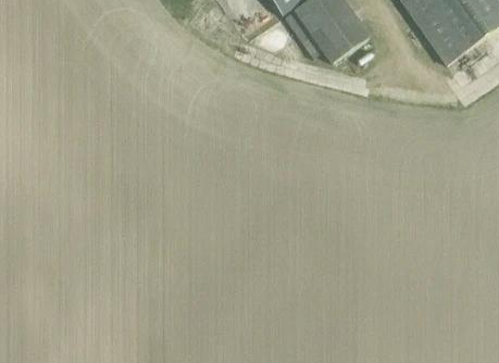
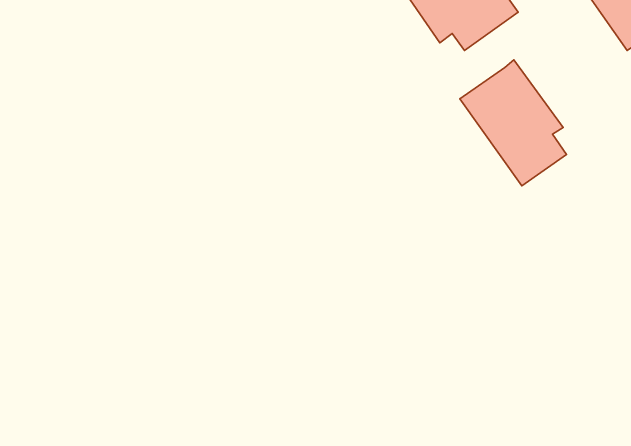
building: none -> [460,60,567,186]

